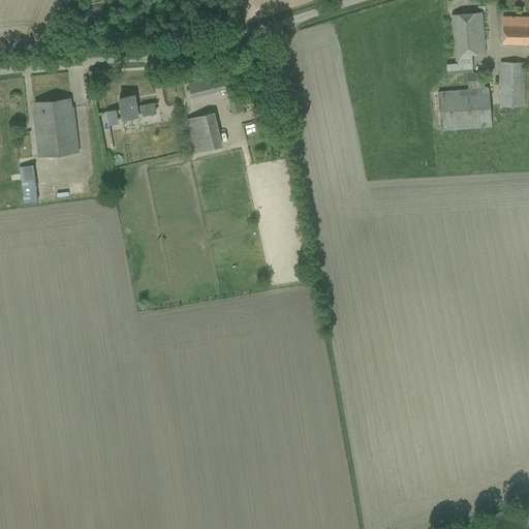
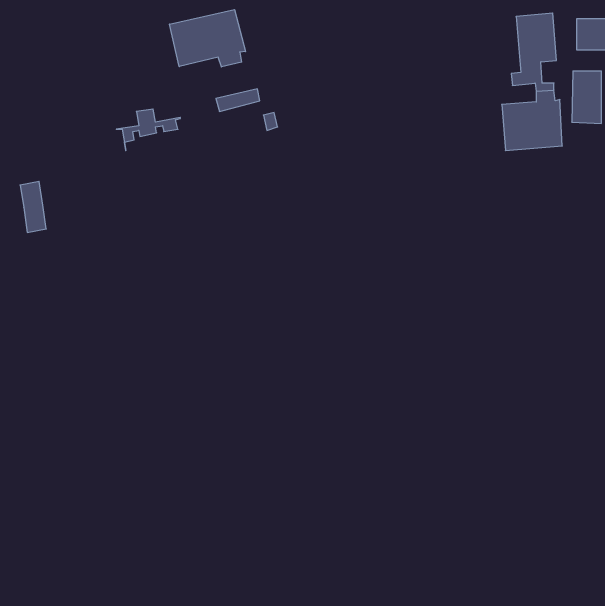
building: none -> [170,10,245,67]
building: [34,98,80,158] -> none
building: [187,113,220,152] -> none

